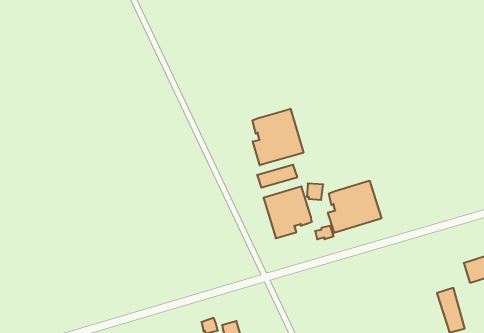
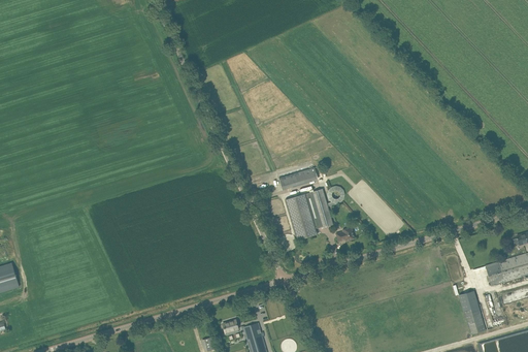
building: [253,109,303,165] -> none
building: [328,181,381,233] -> none

